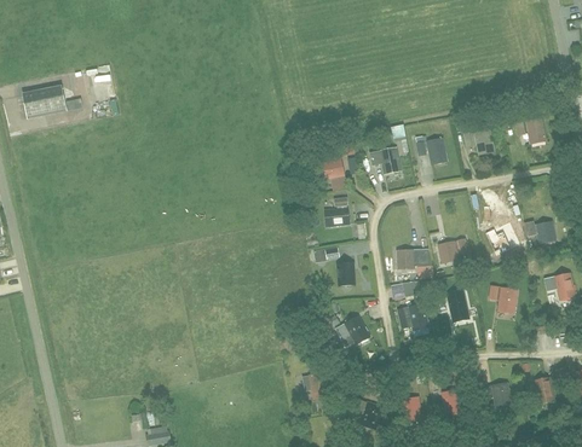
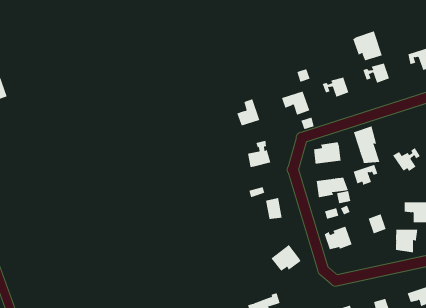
building: none -> [352,31,383,61]
building: none -> [353,126,380,164]
building: none -> [313,142,341,165]
building: none -> [395,229,418,253]

